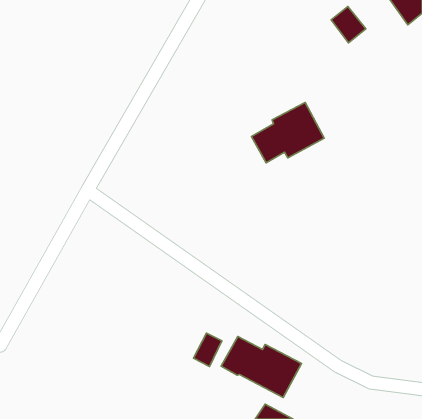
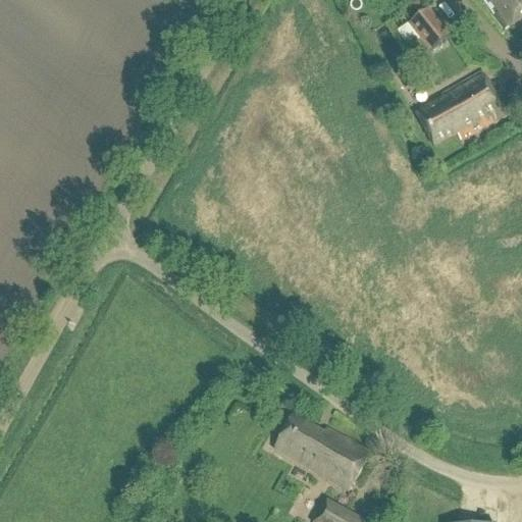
building: [251,102,324,163] -> [417,70,507,145]
building: [193,333,222,366] -> none

